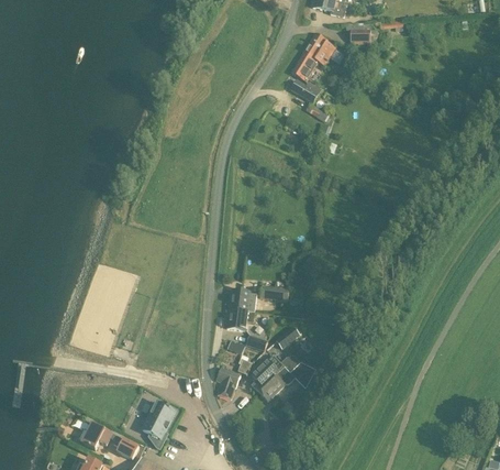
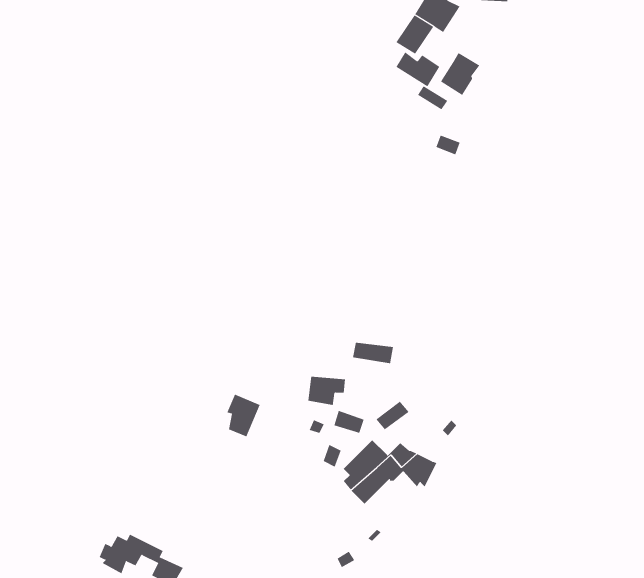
building: none -> [440,52,480,96]
building: [230,289,257,313] -> none
building: [216,368,241,398] -> [227,394,261,437]
building: [143,403,175,448] -> none

